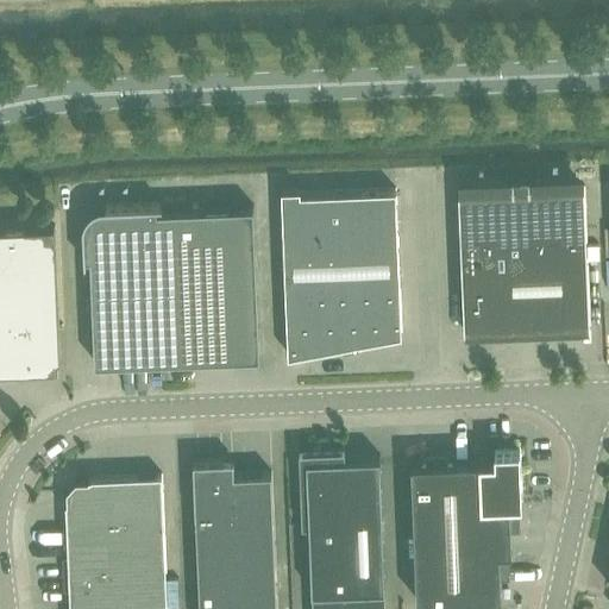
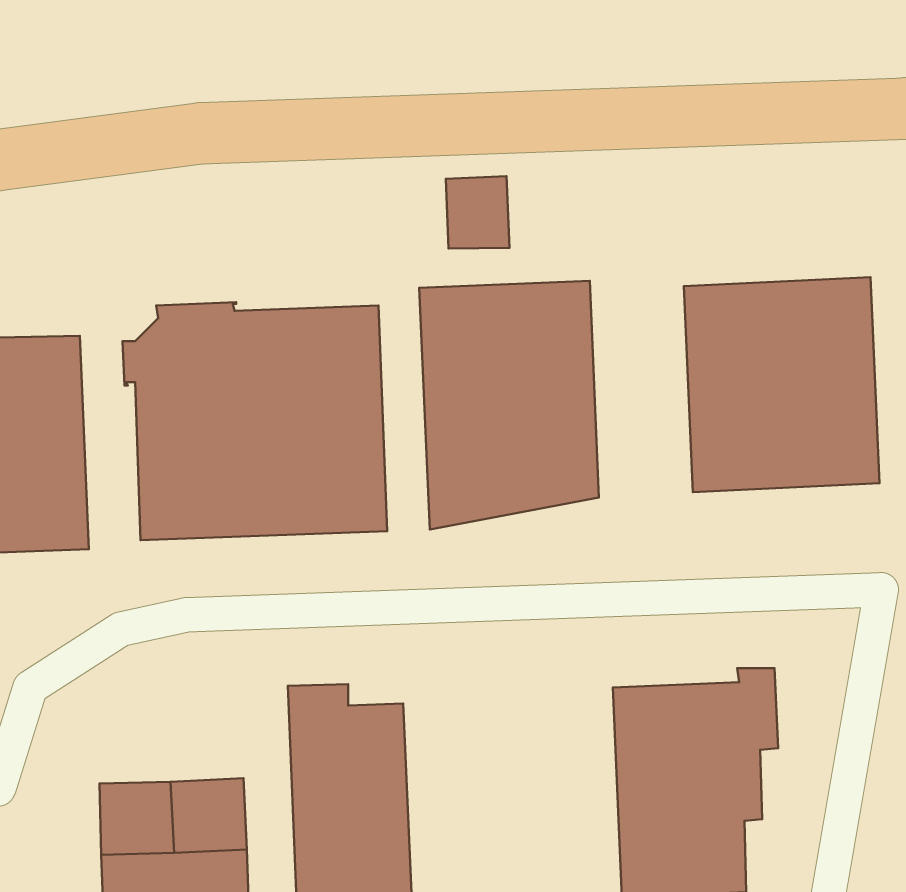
building: none -> [446,176,509,249]
building: [299,458,385,601] -> none
building: [65,483,163,535] -> none

